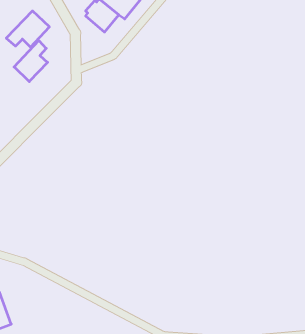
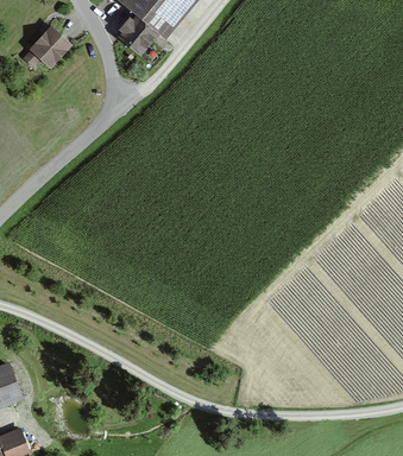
building: [14,41,48,82] -> none

